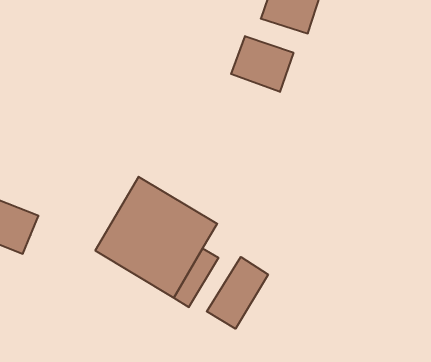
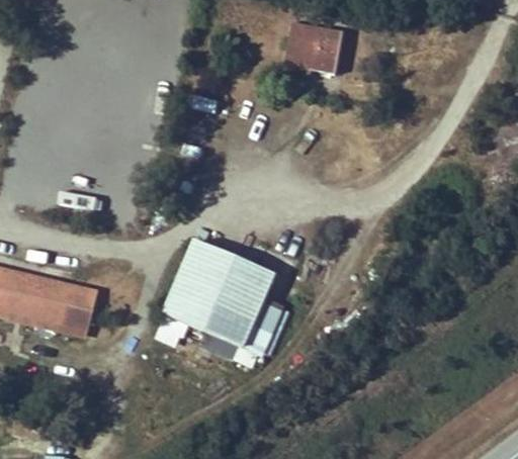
building: [231,36,293,92] -> none
building: [207,257,268,329] -> none

